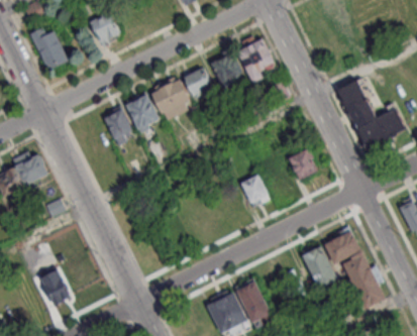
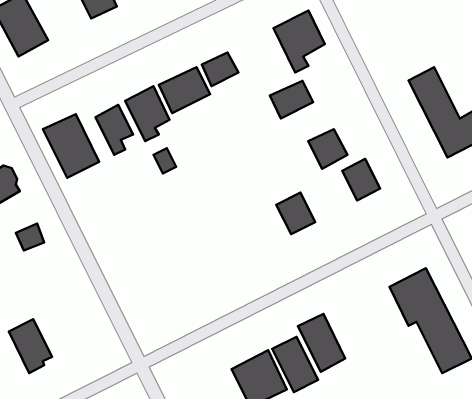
building: [211,54,243,83] -> [270,81,313,118]
building: none -> [43,114,99,178]
building: none -> [308,129,348,169]
building: [302,245,337,289] -> [298,314,345,372]

